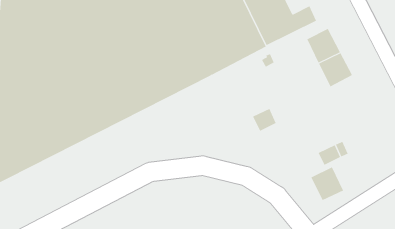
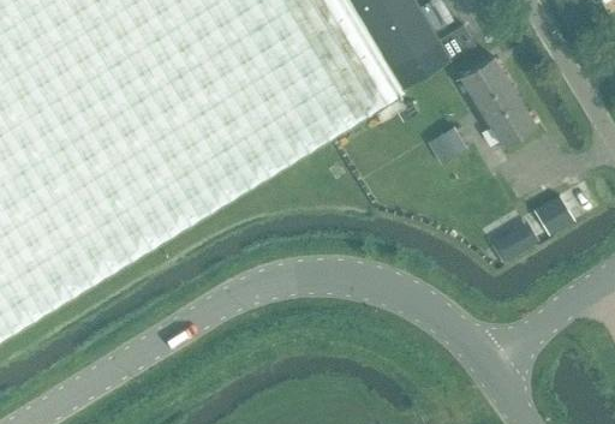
building: [252,108,277,132] -> [426,129,464,165]
building: none -> [533,195,574,235]
building: [311,166,344,201] -> none

